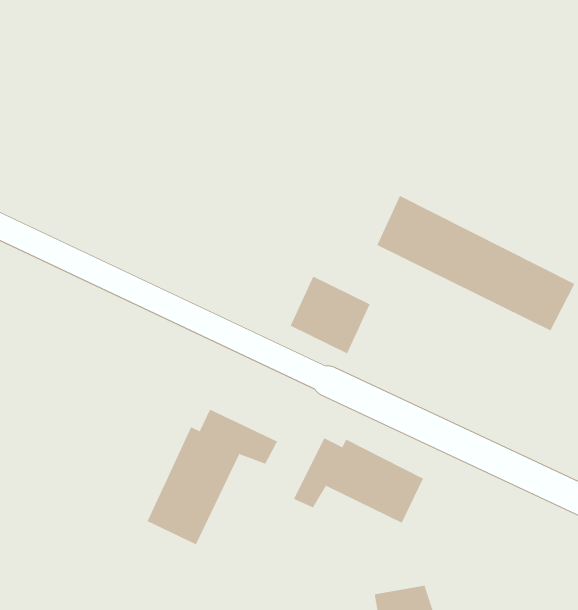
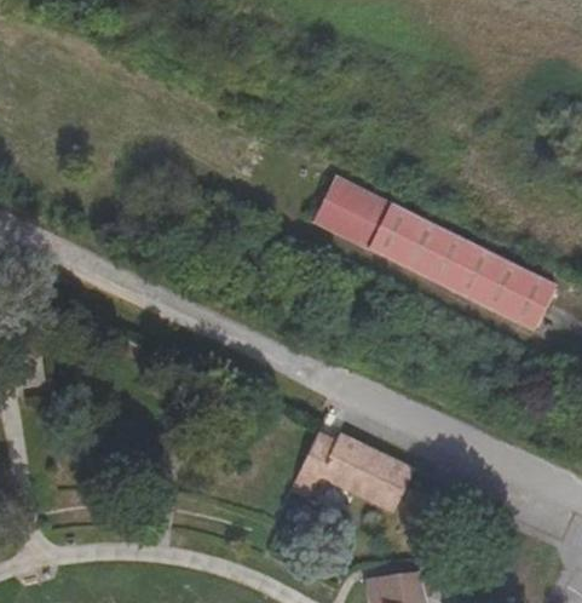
building: [290,276,371,354] -> [315,176,391,249]
building: [147,409,278,545] -> none

